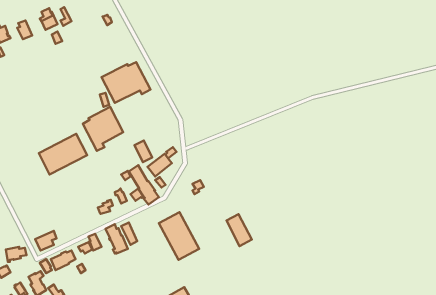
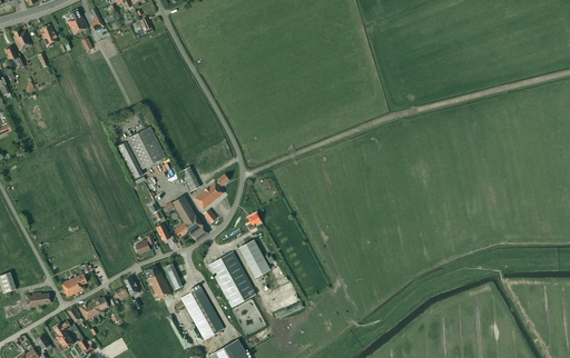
building: [101,62,150,103] -> none
building: [39,134,87,175] -> none
building: [226,214,252,246] -> [238,240,268,278]
building: none -> [180,287,223,340]

